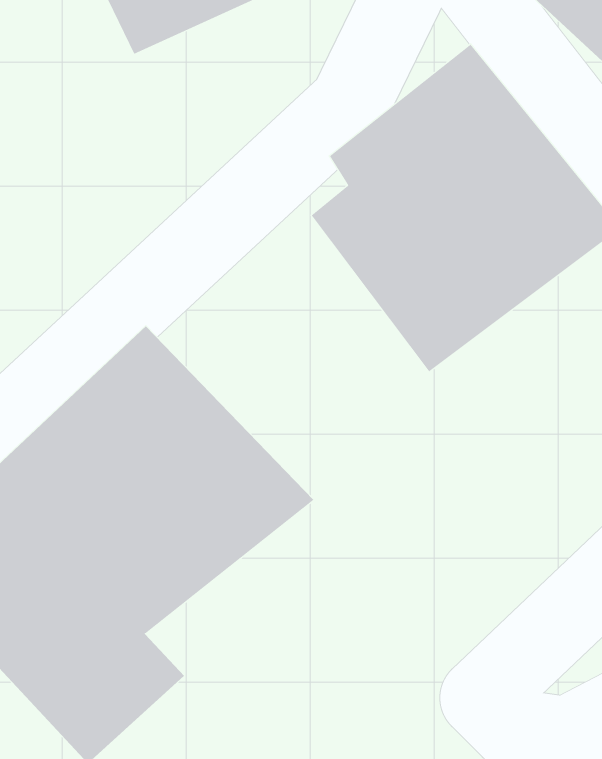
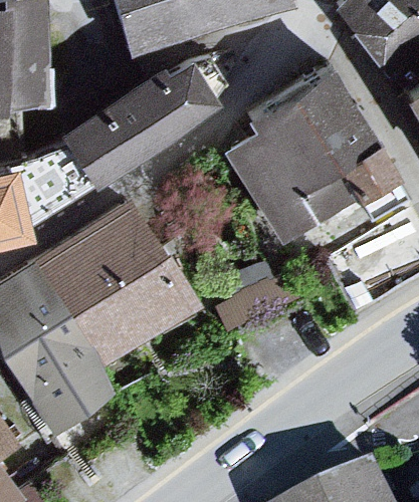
building: none -> [59,46,214,191]

